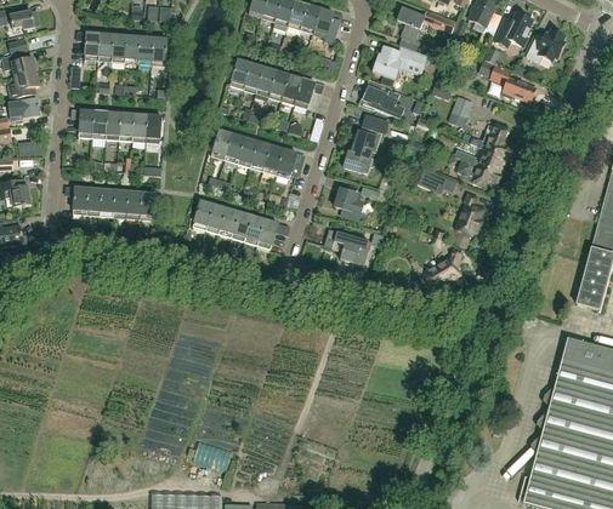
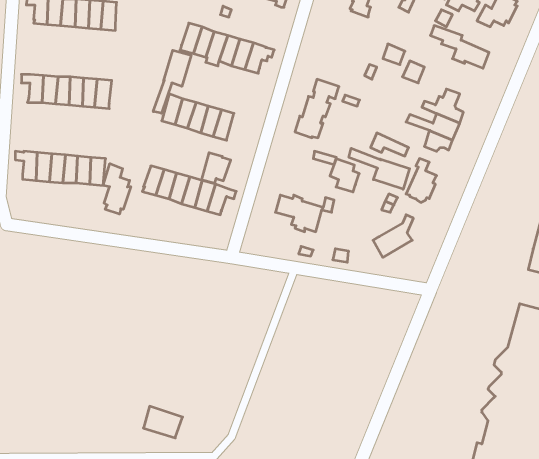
building: [371,46,427,86] -> none
building: none -> [153,50,191,113]
building: [363,86,404,118] -> none
building: [276,148,305,178] -> [202,153,231,183]
building: none -> [349,148,410,189]
building: [334,188,363,221] -> [330,159,359,192]
building: none -> [103,164,131,214]

